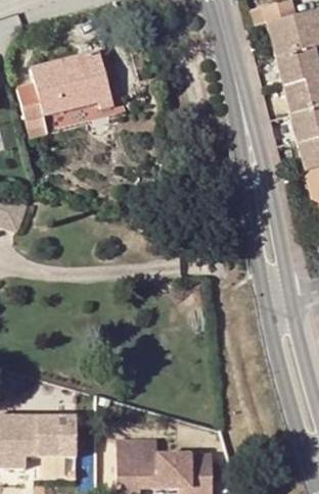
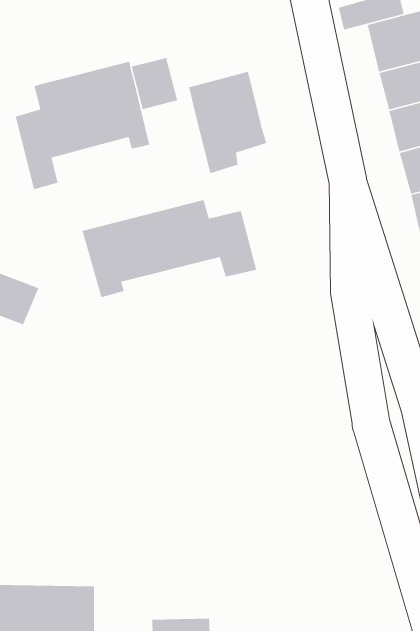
building: none -> [131,57,178,110]
building: none -> [188,71,267,174]
building: none -> [82,199,257,298]

